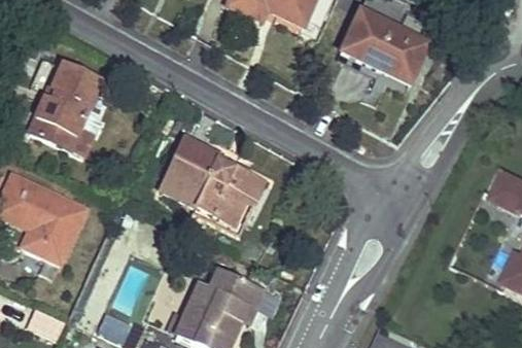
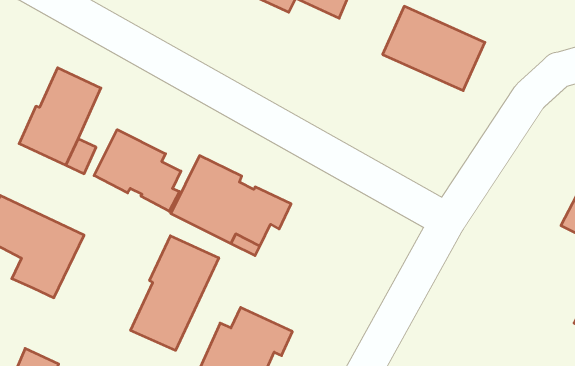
building: none -> [94,130,181,211]
building: none -> [131,236,219,350]

